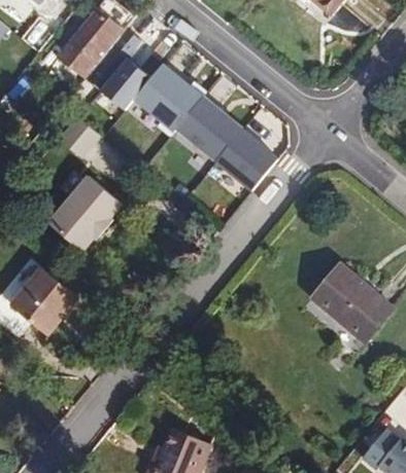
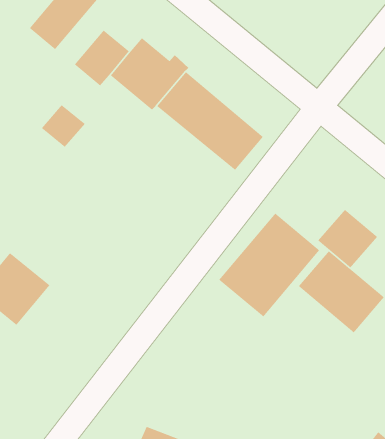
building: [50,176,125,252] -> none
building: none -> [317,209,378,268]
building: none -> [218,212,320,318]

